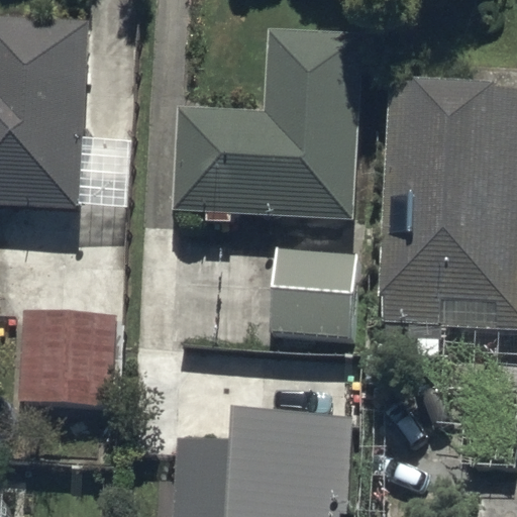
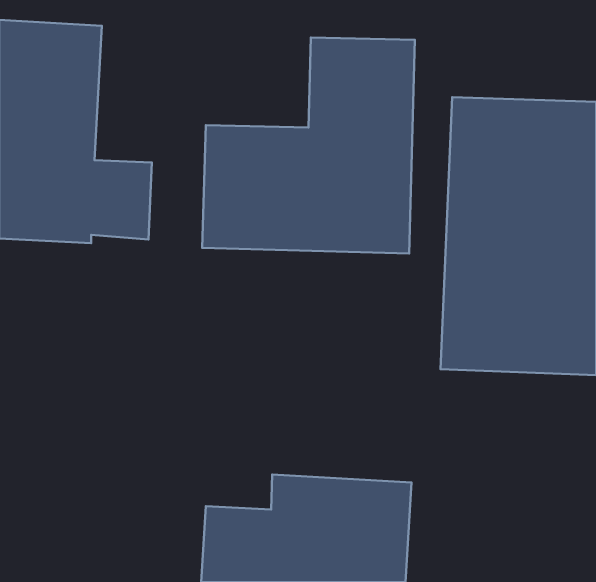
building: [272,242,357,338] -> none
building: [16,306,118,407] -> none

